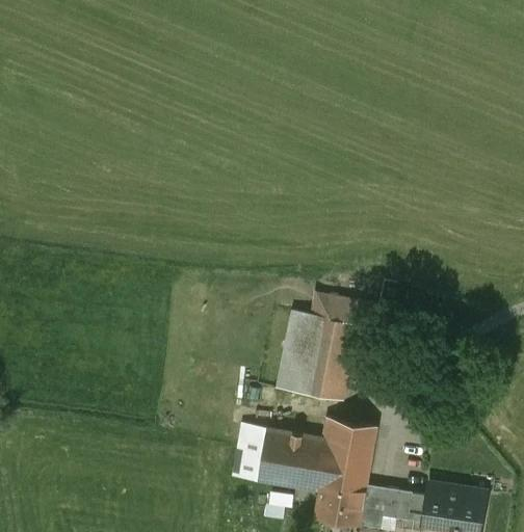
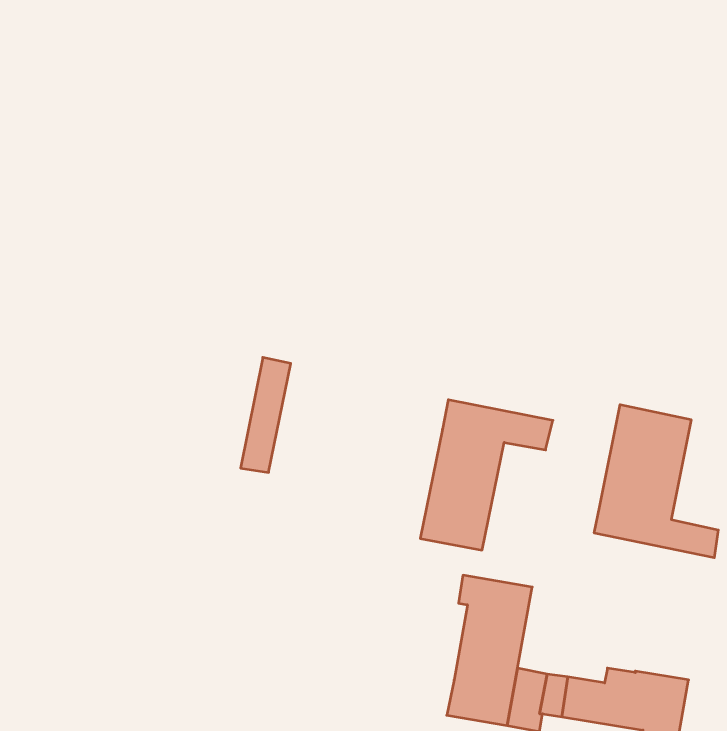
building: none -> [594,405,718,558]
building: [278,312,313,393] -> [241,357,291,472]
building: [234,425,331,493] -> none

